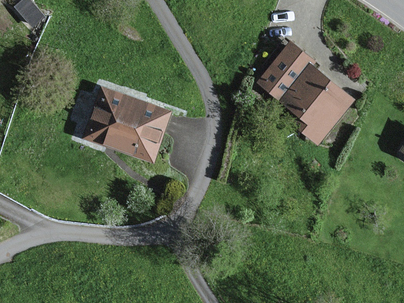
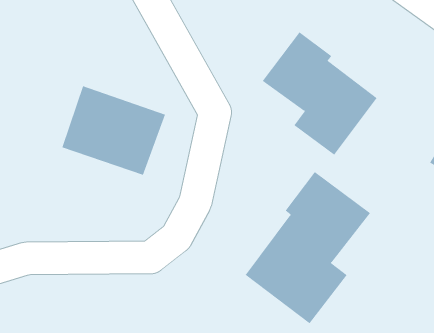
building: none -> [245,171,371,324]

